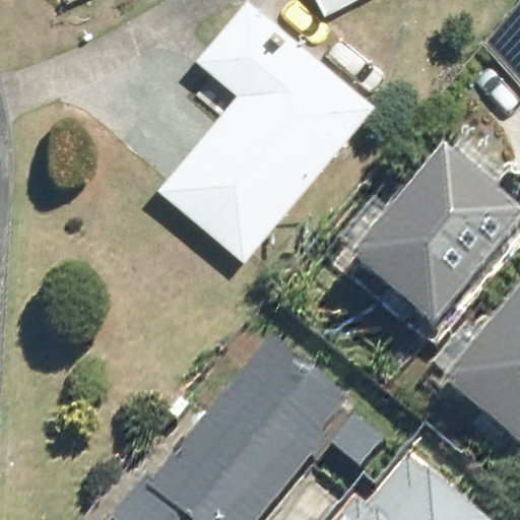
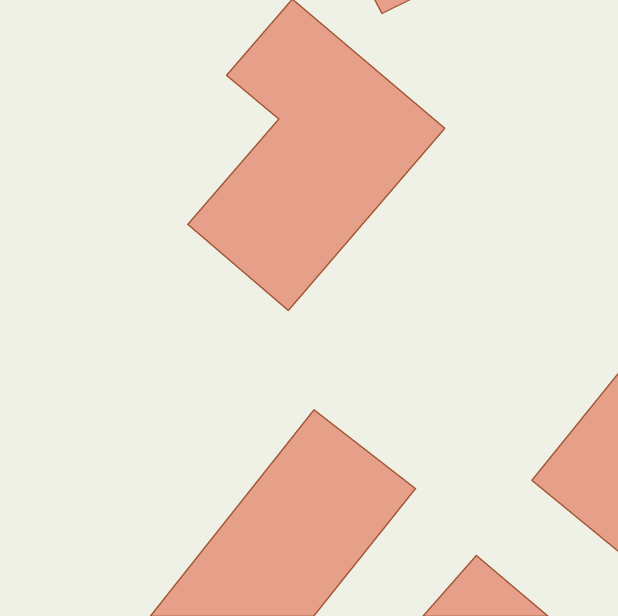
building: [369,180,507,321] -> none

